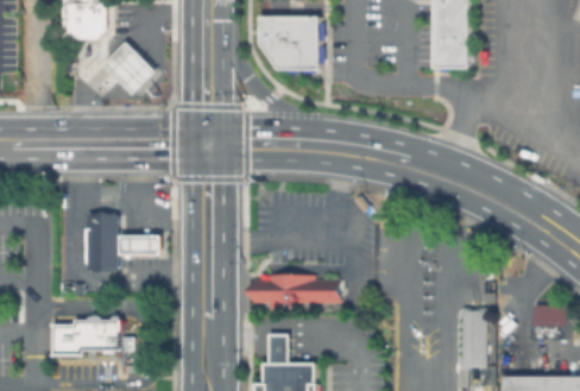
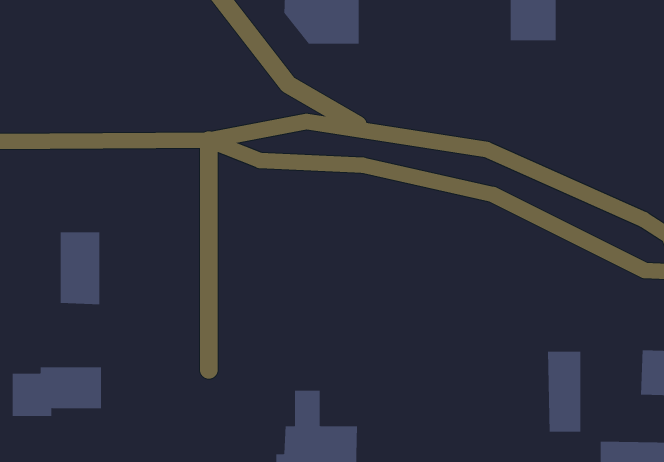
building: [108,44,155,90] -> none
building: [122,235,160,253] -> none
building: [254,275,342,302] -> none

